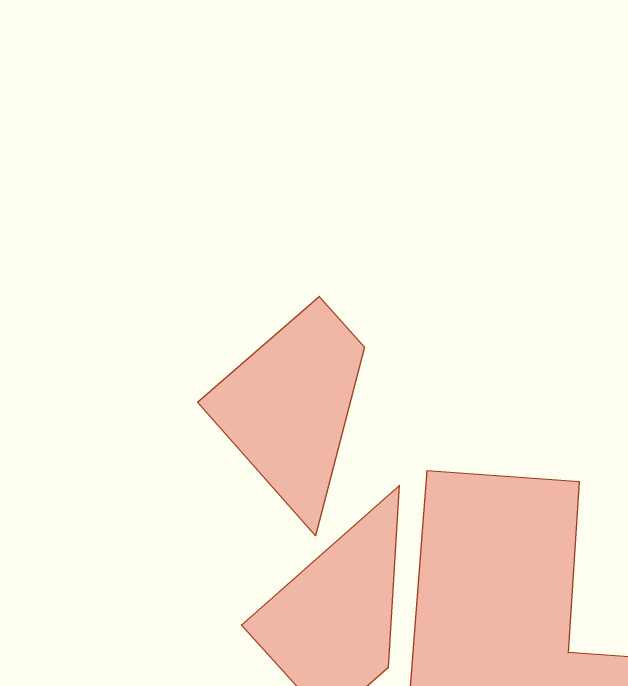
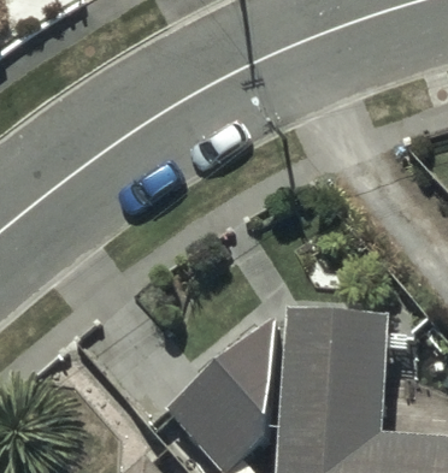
building: [198,296,365,536] -> none

